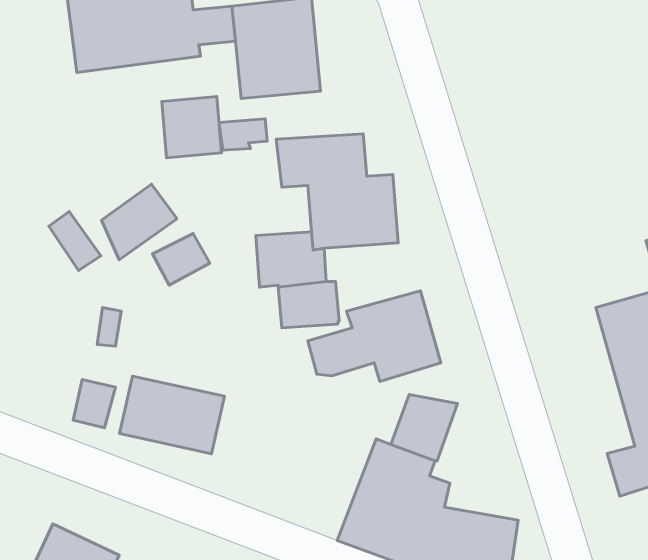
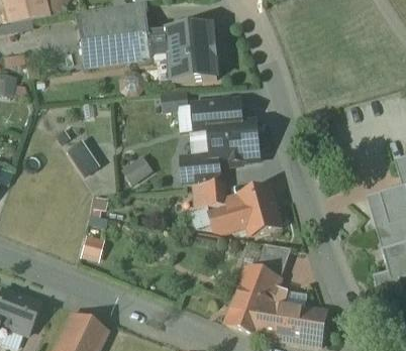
building: [162,97,221,158] -> none
building: [102,184,177,260] -> none
building: [119,376,225,454] -> none

